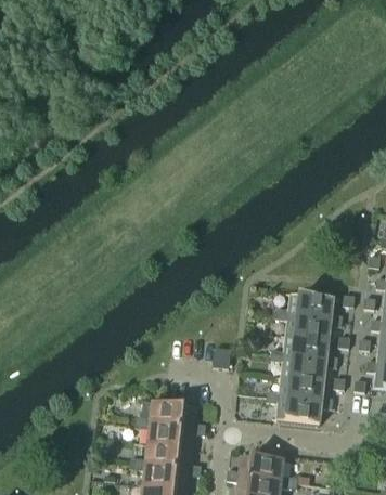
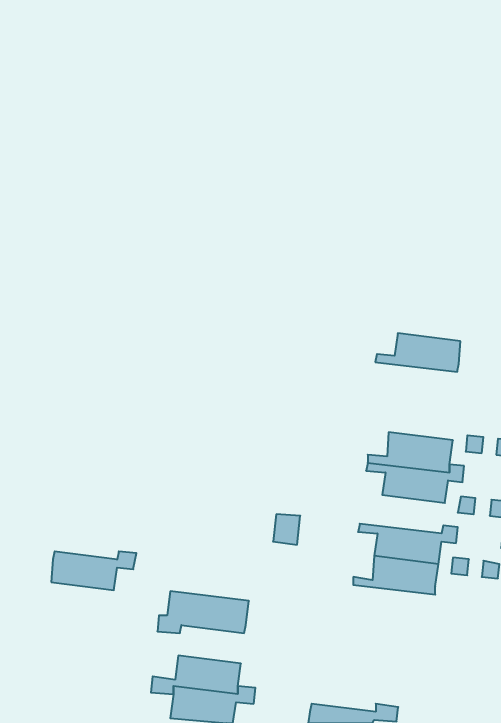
building: [271,335,329,361] -> [375,333,460,372]
building: [266,395,333,424] -> none
building: [149,422,206,448] -> [51,551,136,590]
building: [227,454,284,481] -> none

